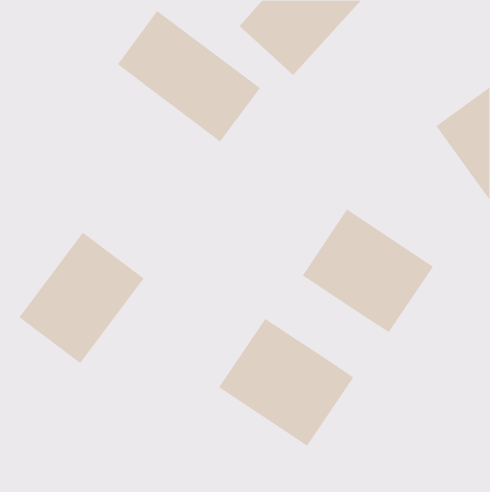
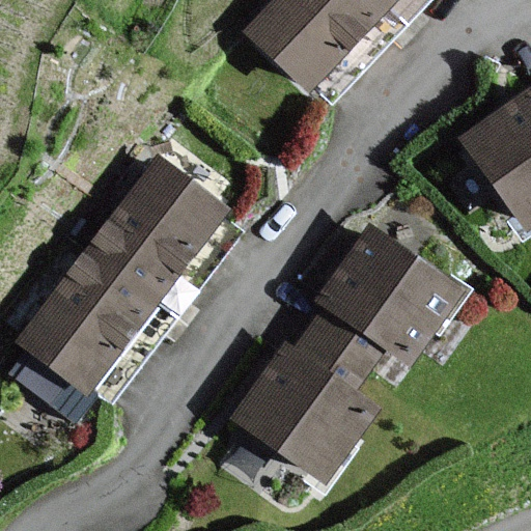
building: [117,10,261,143] -> none
building: none -> [88,161,223,302]
building: none -> [295,302,389,392]

